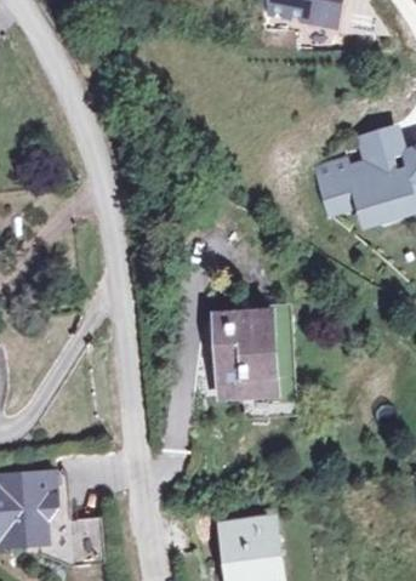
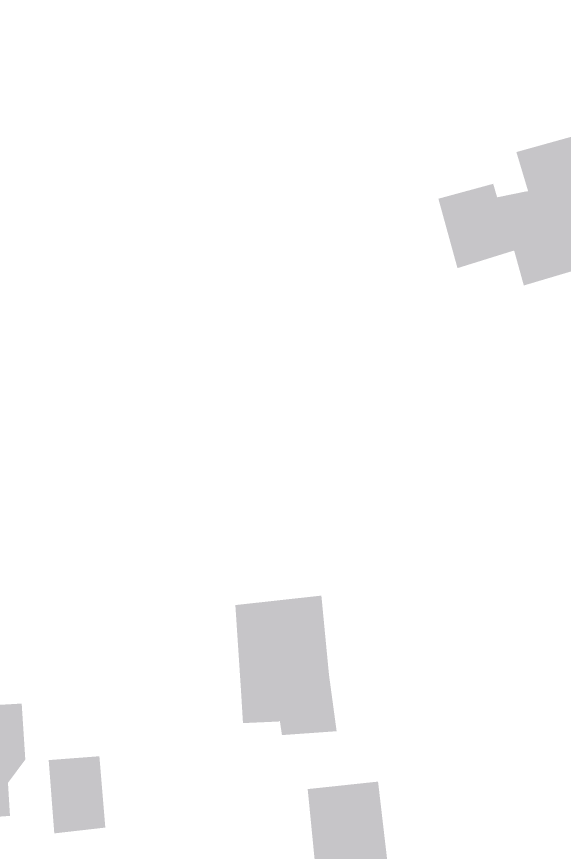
building: [229,315,294,403] -> [234,595,338,735]

